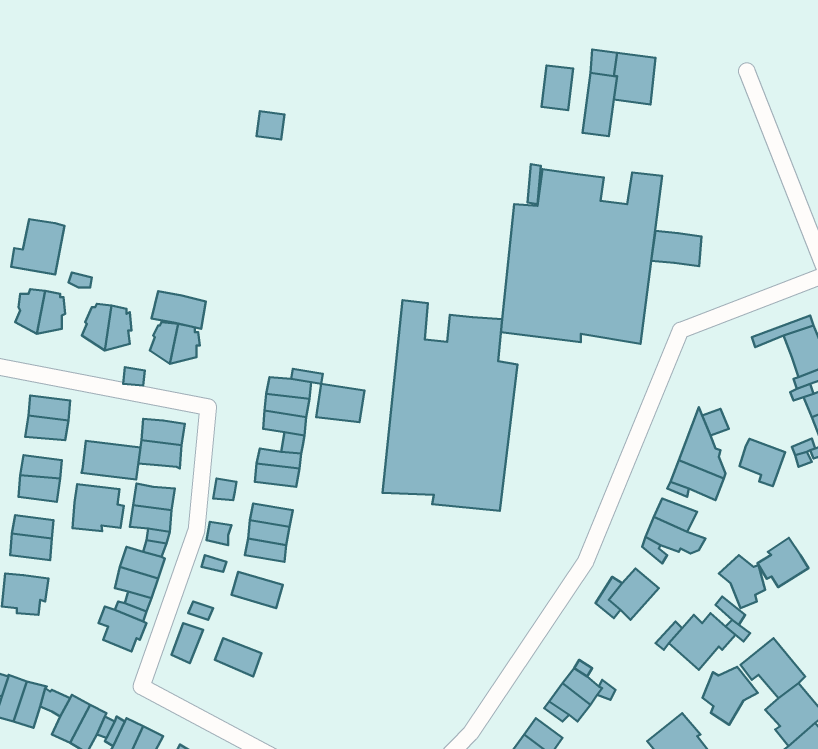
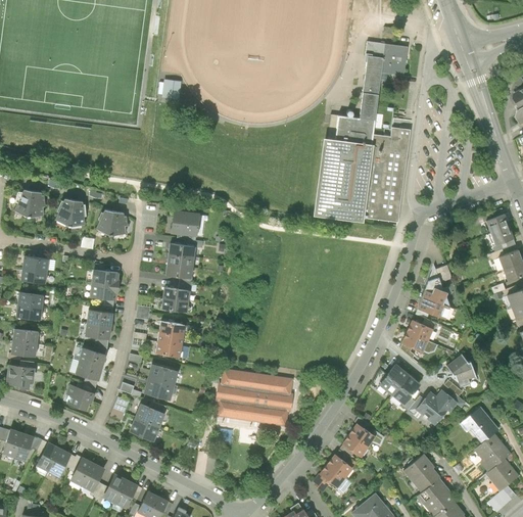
building: [542,65,573,110] -> [360,94,379,122]
building: [11,219,65,275] -> none
building: [651,231,702,266] -> none
building: [151,291,206,329] -> none
building: [383,300,517,511] -> none
building: [316,384,364,422] -> [171,212,200,235]
building: [739,439,785,486] -> none
building: [81,441,140,480] -> none
building: [72,484,124,531] -> none
building: [758,538,808,587] -> none
building: none -> [216,370,294,428]
building: none -> [392,374,422,404]
building: none -> [143,378,175,401]
building: none -> [131,418,160,441]
building: [703,667,758,725] -> none

